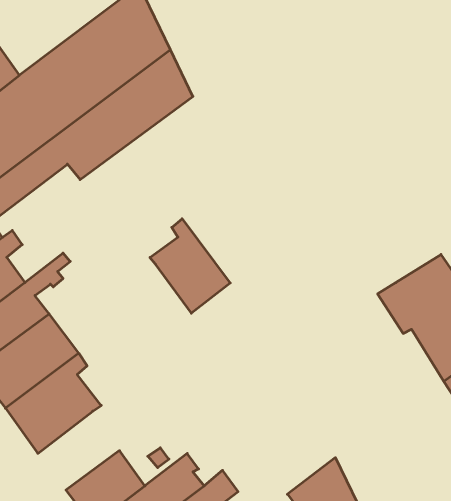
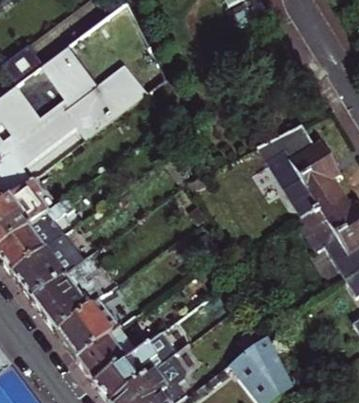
building: none -> [255,124,343,211]
building: [150,219,230,313] -> none
building: none -> [57,302,116,358]

